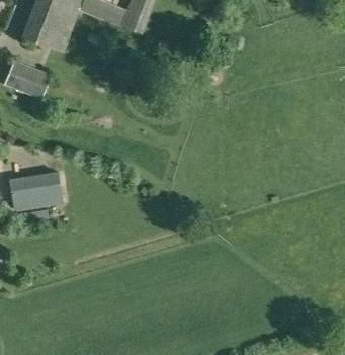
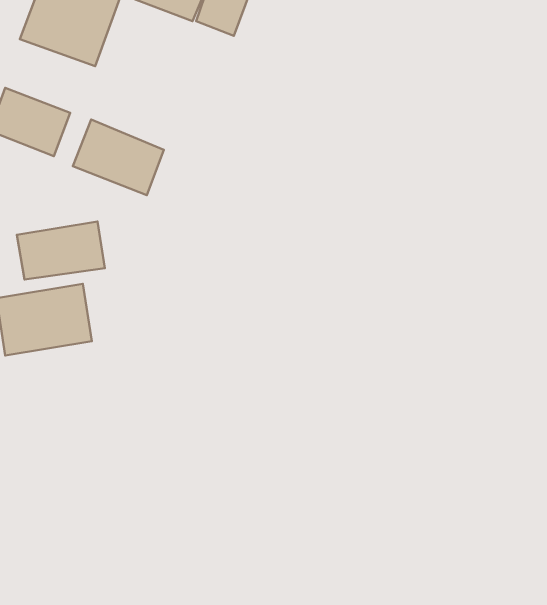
building: none -> [73,120,164,195]
building: none -> [17,222,105,280]

